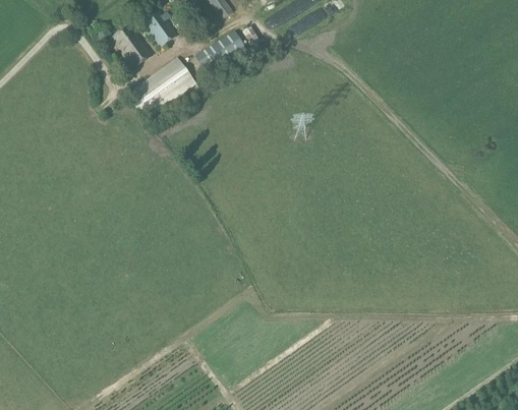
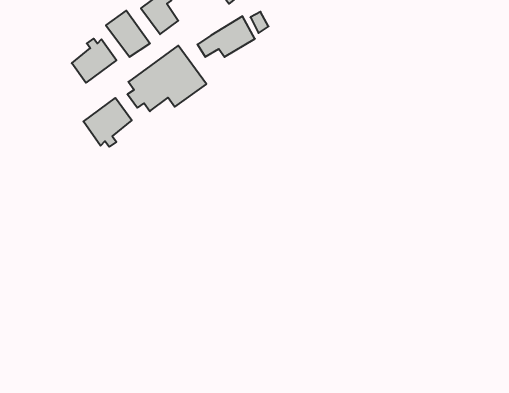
building: none -> [72,39,116,83]
building: none -> [83,98,132,147]

